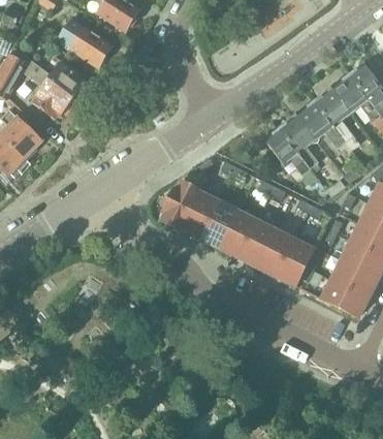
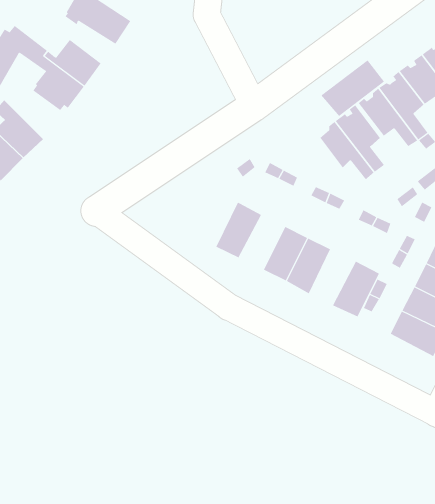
building: none -> [321,59,385,117]
building: [161,180,200,229] -> none
building: [200,201,237,246] -> none
building: [257,229,294,275] -> none

